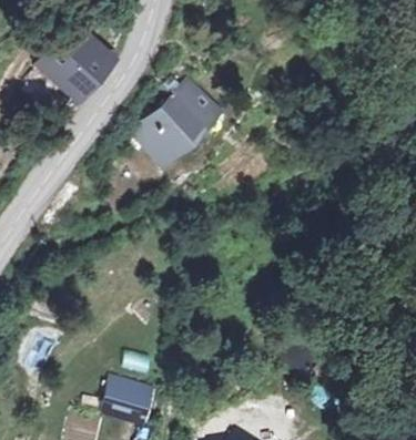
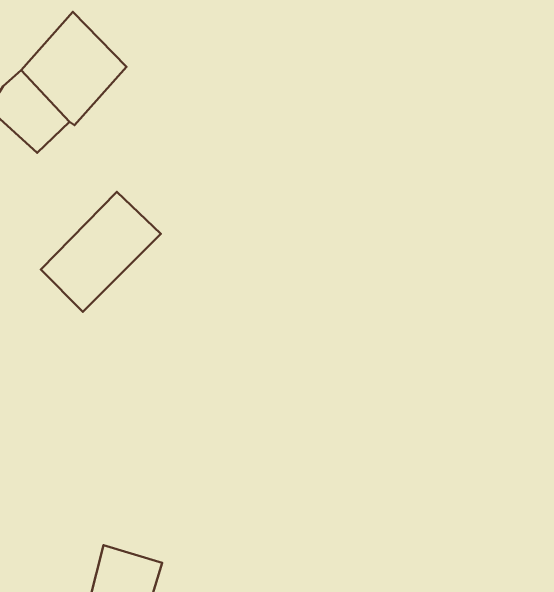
building: [142,74,224,156] -> [41,192,161,312]

